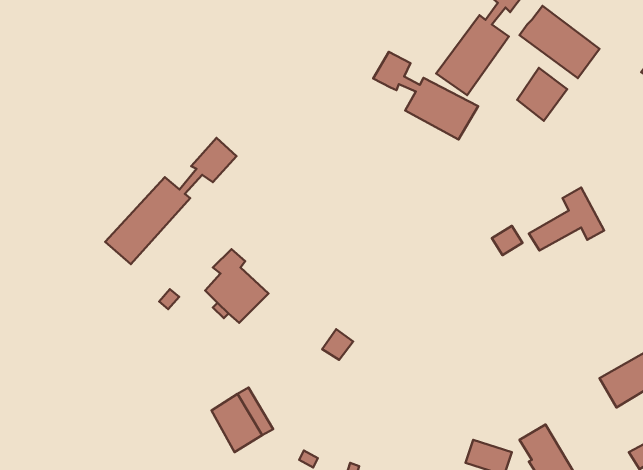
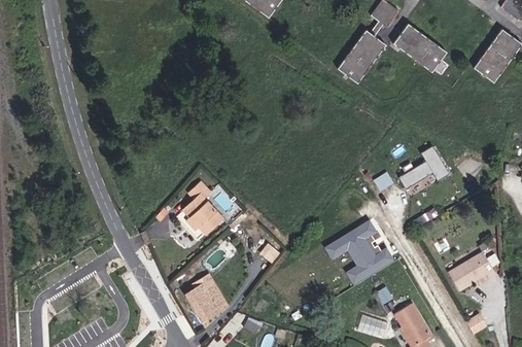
building: [373,52,478,140] -> none
building: [517,68,567,121] -> none
building: [105,138,236,264] -> none
building: none -> [325,219,394,285]

